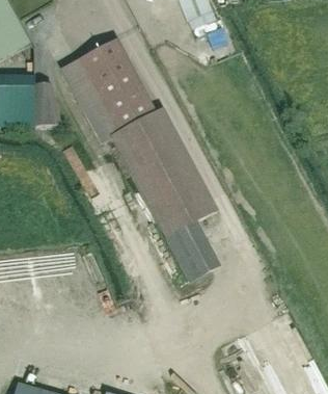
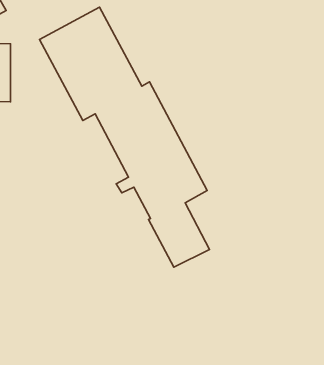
building: [35,82,60,125] -> none

